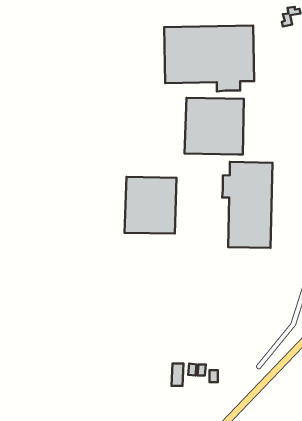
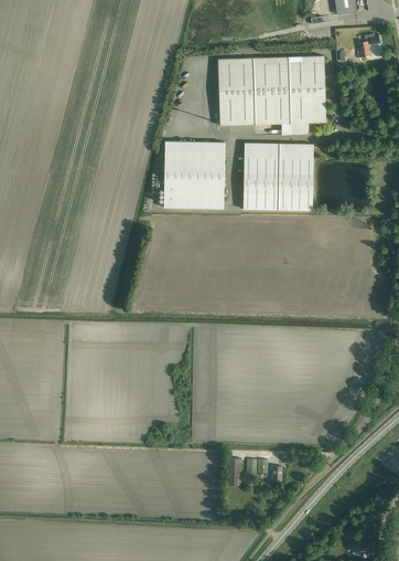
building: [222,162,272,248] -> none
building: [125,177,177,234] -> [163,141,225,209]

